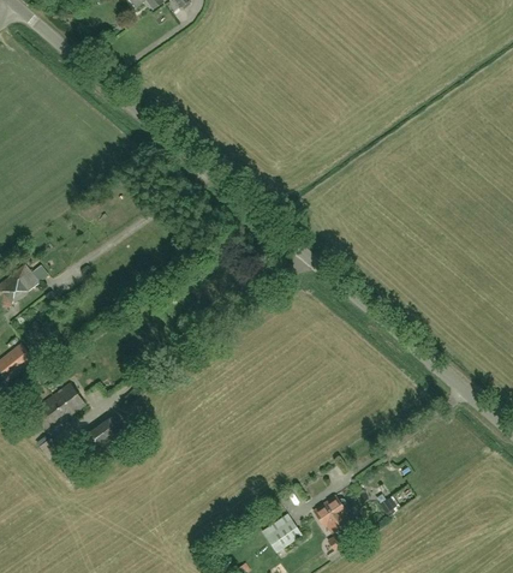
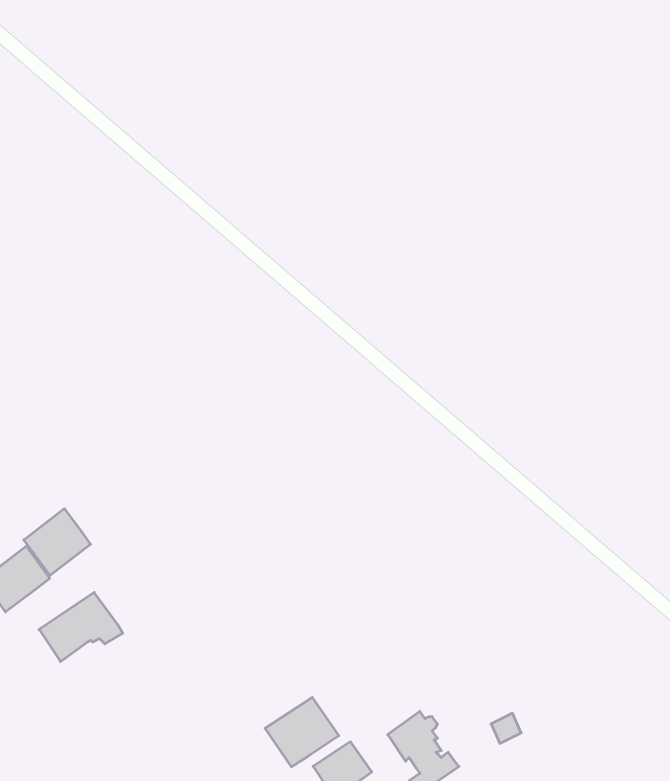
building: none -> [24,509,91,575]
building: none -> [265,697,339,767]

